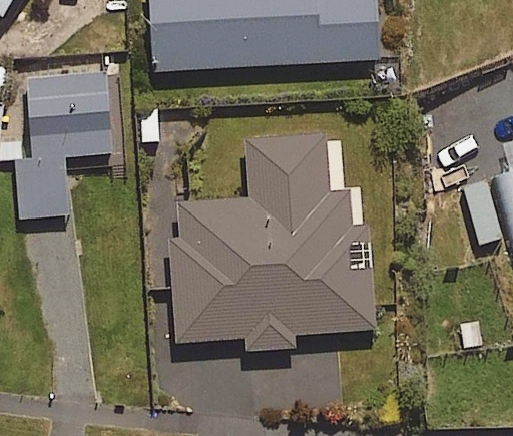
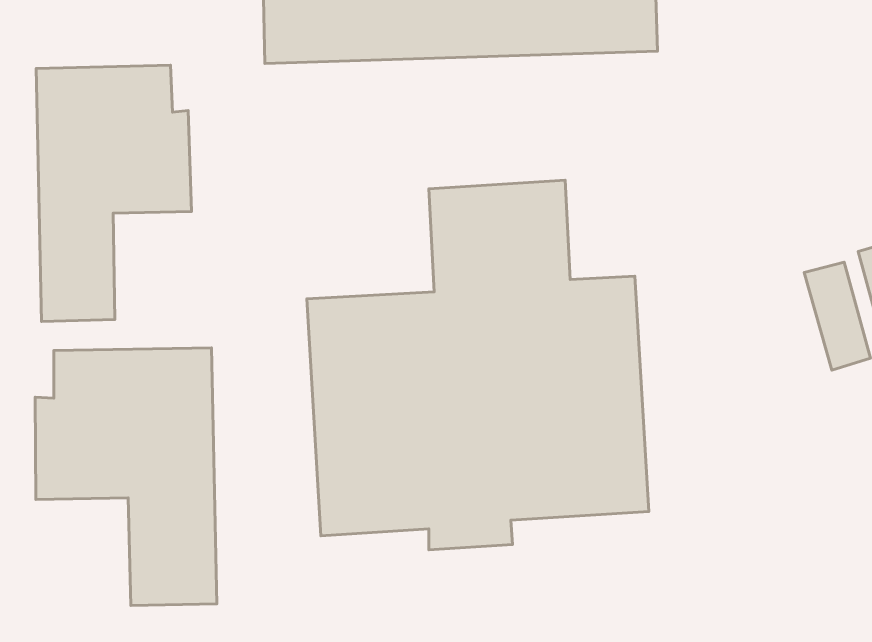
building: none -> [35,348,217,605]

